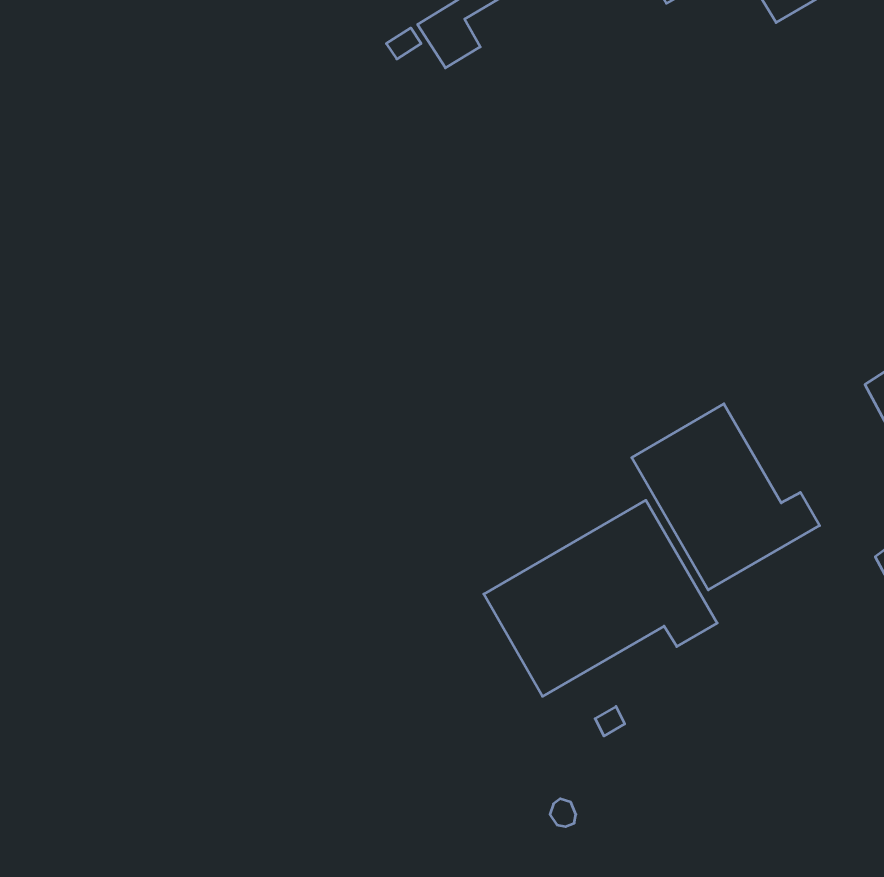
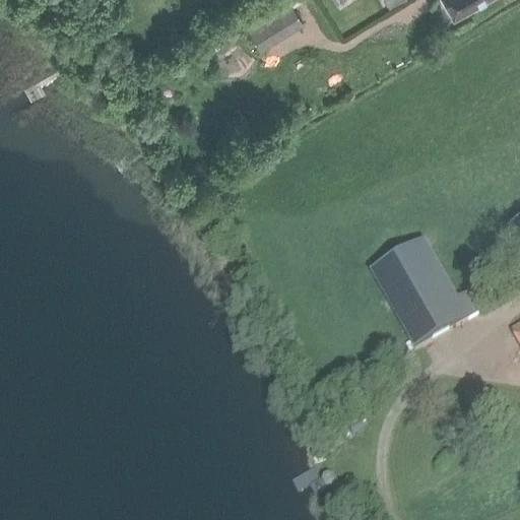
building: [484,500,717,696] -> none

